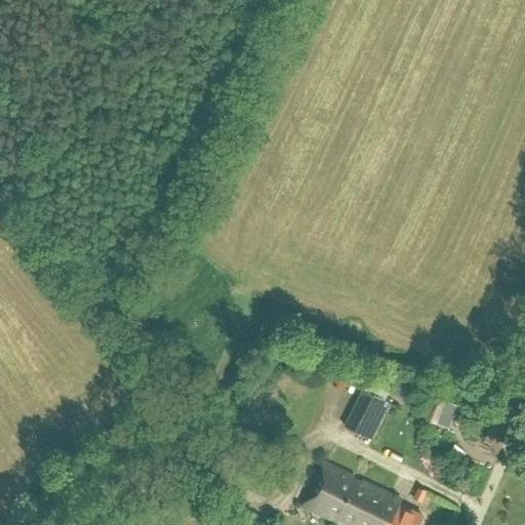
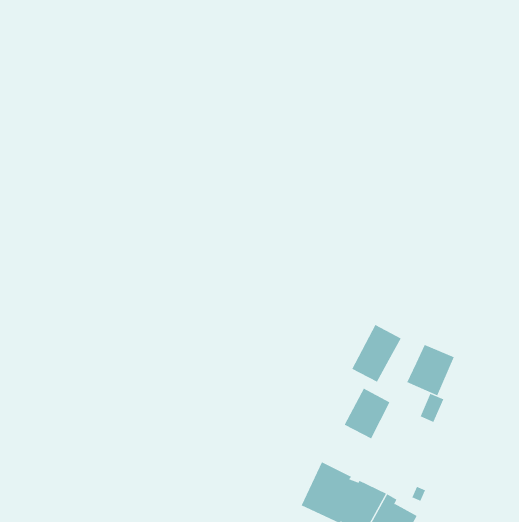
building: none -> [352,324,401,382]
building: none -> [407,344,455,396]

